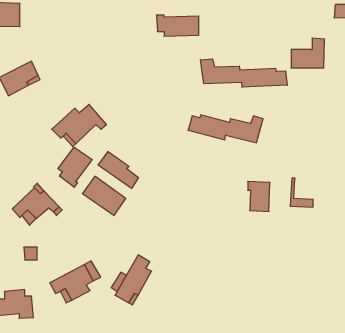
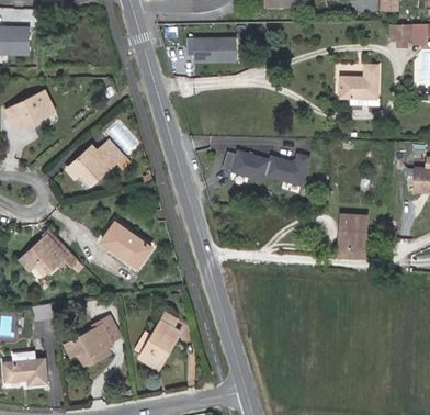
building: [201,59,287,87] -> none
building: [58,147,92,187] -> none
building: [98,152,138,188] -> none
building: [248,182,270,211] -> [340,214,365,248]

